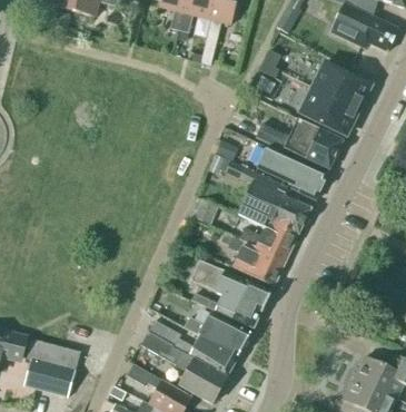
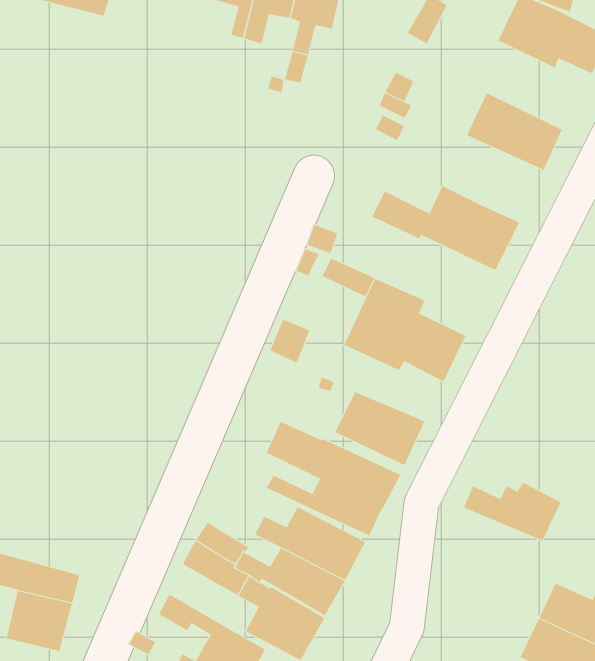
building: [298,88,357,135] -> none
building: [257,145,327,199] -> none
building: [238,224,297,259] -> [463,482,561,541]

